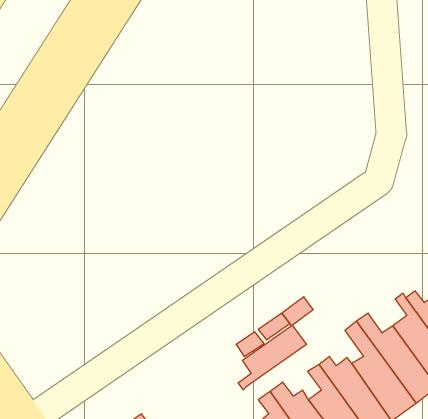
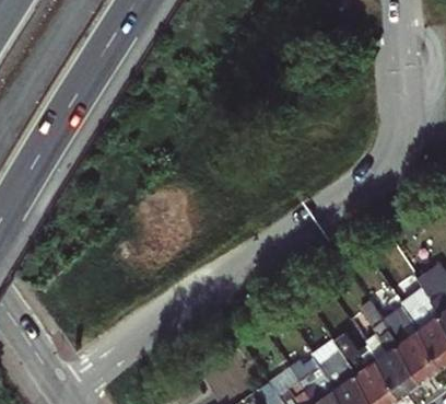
building: [238,325,307,390] -> none

